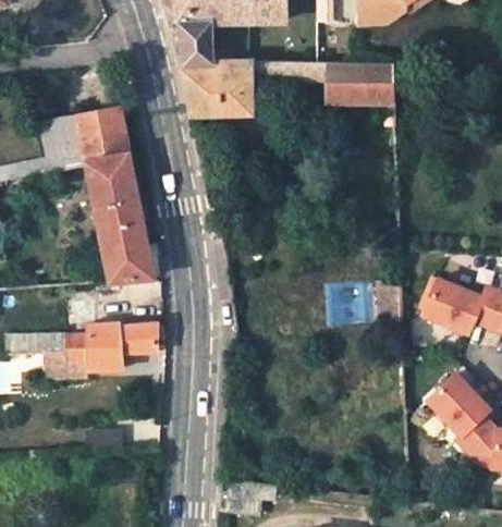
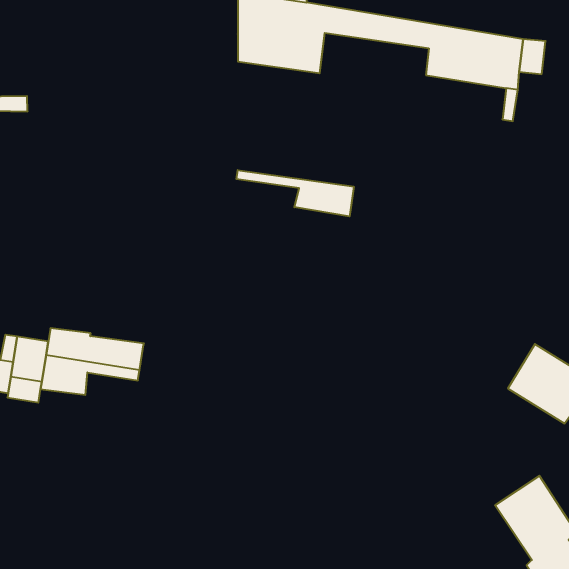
building: [40,109,151,282] -> none
building: none -> [236,170,354,216]

